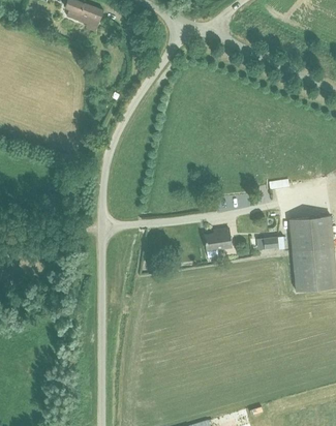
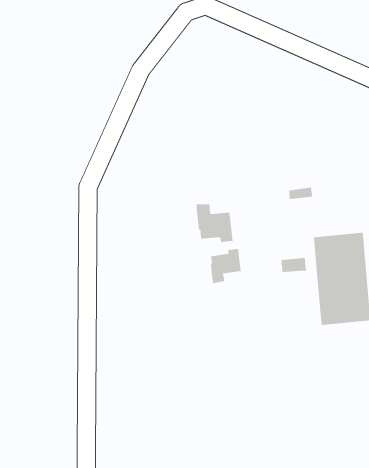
building: none -> [196,203,233,243]

